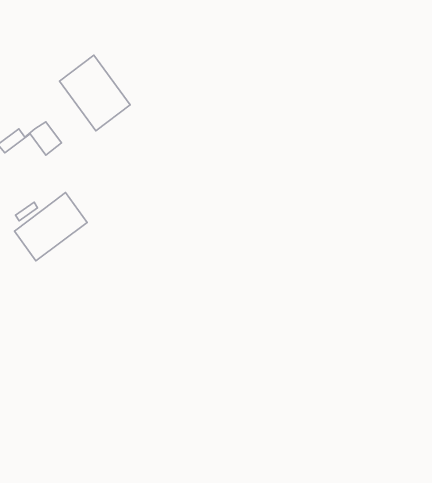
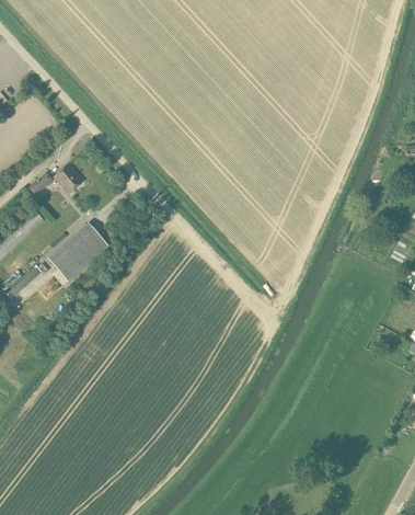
building: [59,55,130,131] -> none

